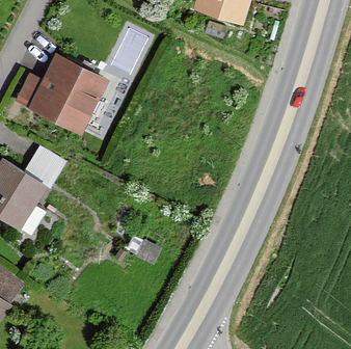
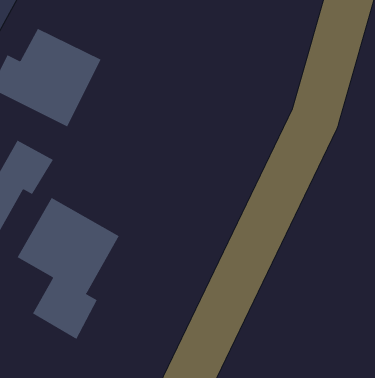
building: none -> [17,197,120,340]

